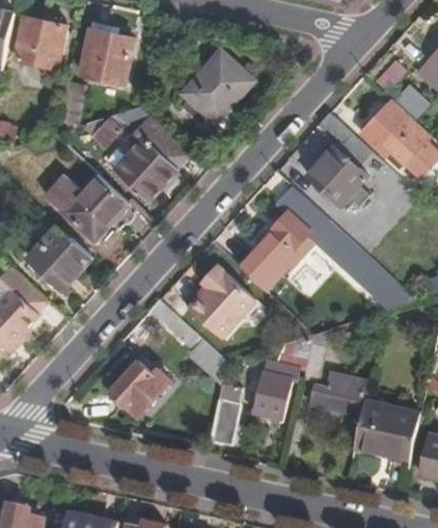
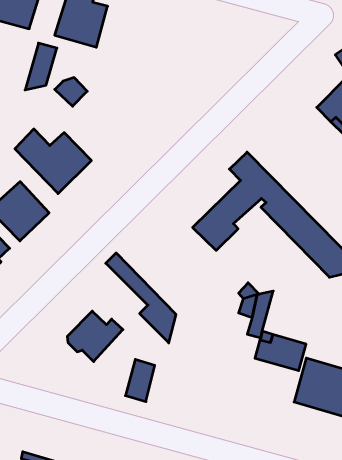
building: [181,51,251,122] -> none
building: [308,114,375,213] -> none
building: [114,116,189,201] -> none
building: [189,270,255,339] -> none
building: [254,369,294,412] -> none
building: [209,402,238,446] -> [125,359,155,402]

